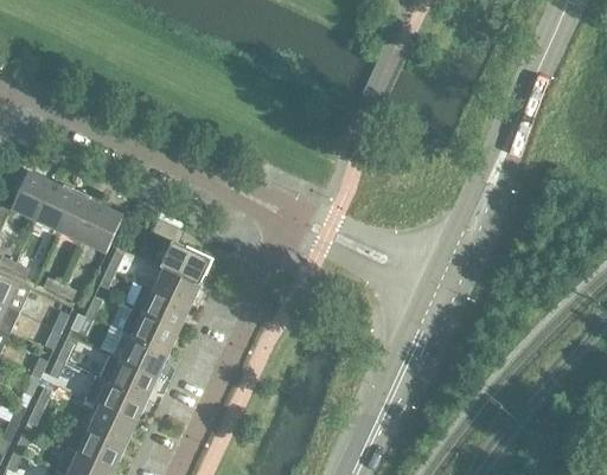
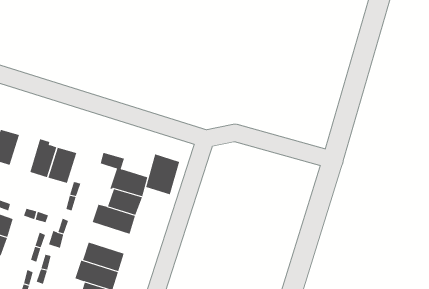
building: [34,182,77,232] -> none
building: none -> [145,154,180,195]
building: [120,308,178,354] -> none

